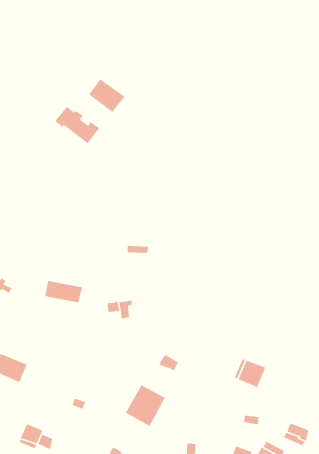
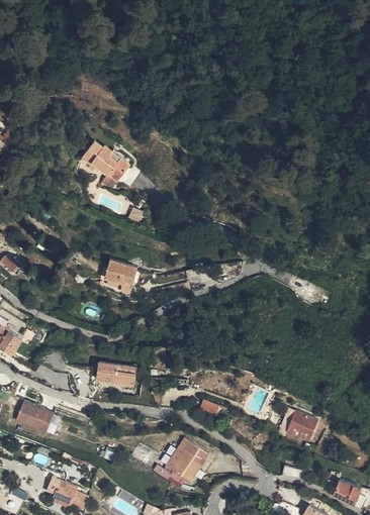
building: [88,79,125,113] -> none
building: none -> [107,260,140,289]
building: [45,280,83,303] -> [96,362,136,386]

